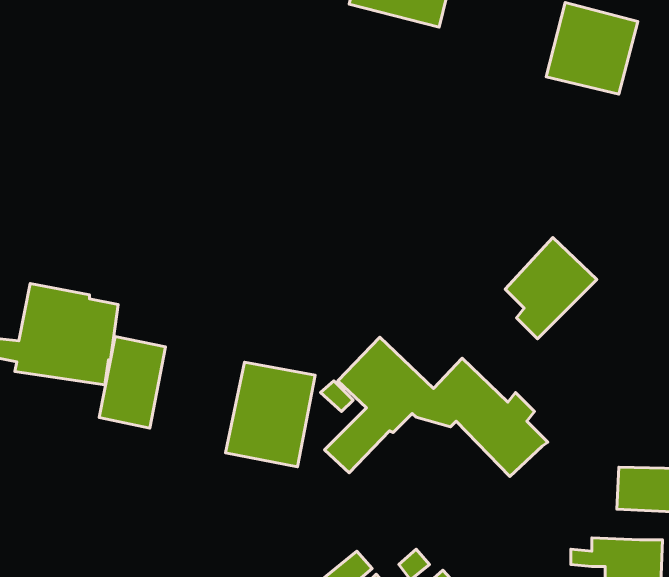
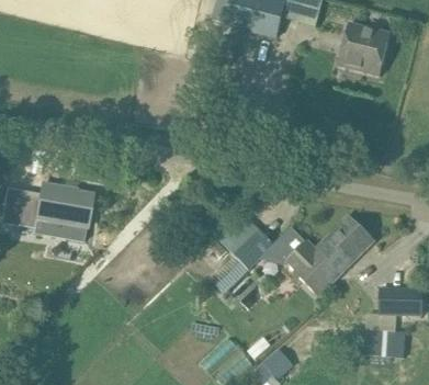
building: [505,237,597,339] -> [321,216,374,274]
building: [99,336,166,428] -> none
building: [225,362,315,467] -> none

